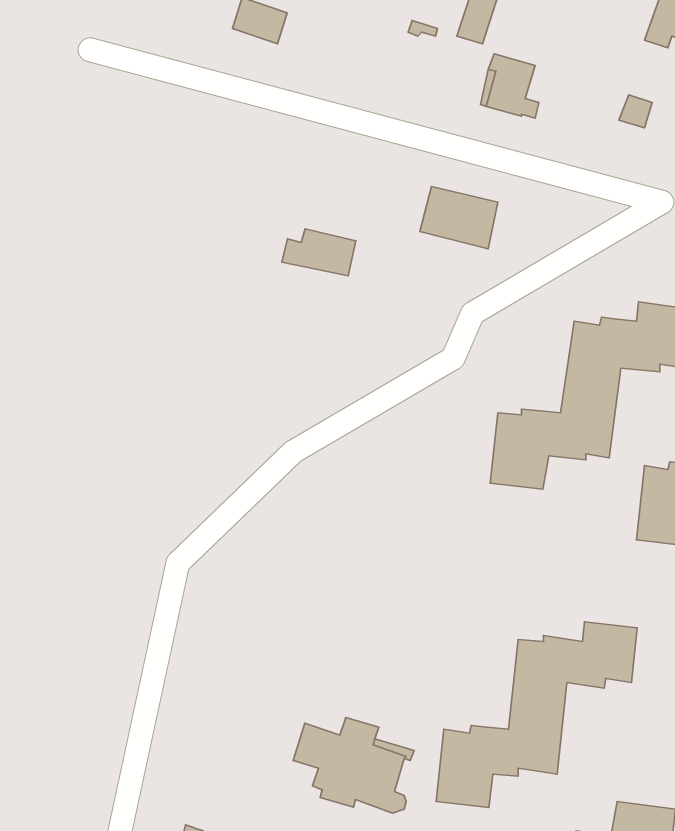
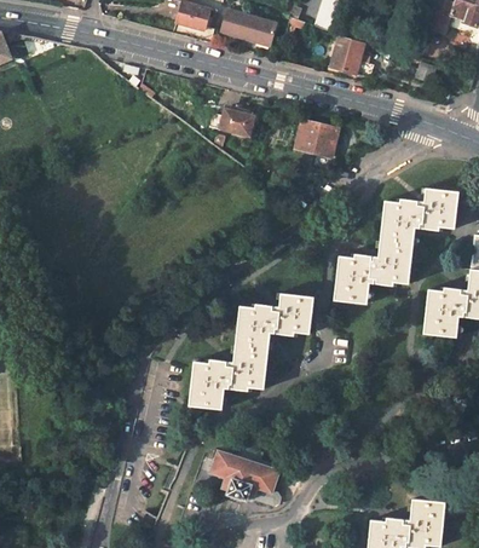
building: none -> [217,10,273,47]
building: [282,229,356,276] -> [212,108,258,137]
building: [436,622,637,807] -> [190,295,314,410]

